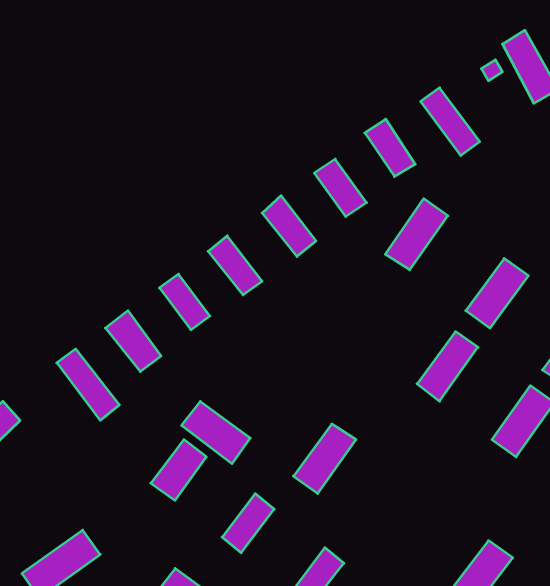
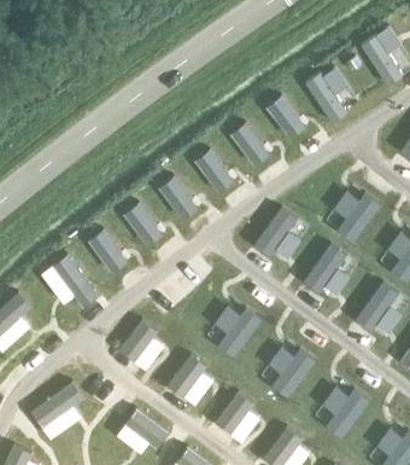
building: [385,199,448,270] -> [254,207,298,256]
building: [182,401,250,464] -> none
building: none -> [271,349,316,399]

